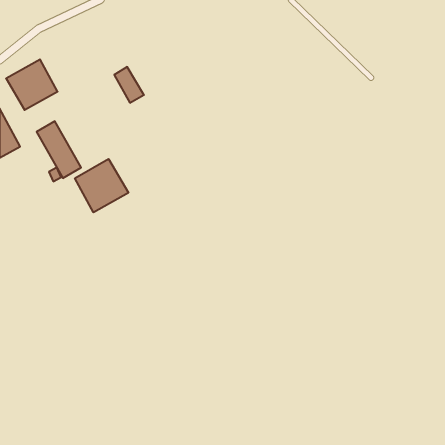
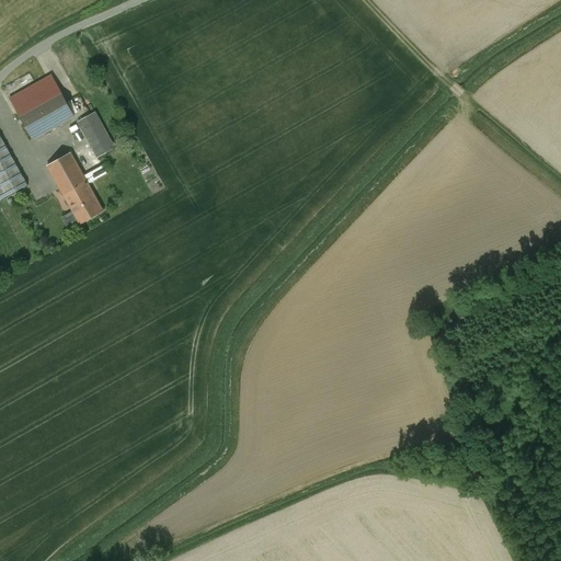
building: [114,67,144,103] -> [77,112,114,157]
building: [75,159,128,212] -> none

